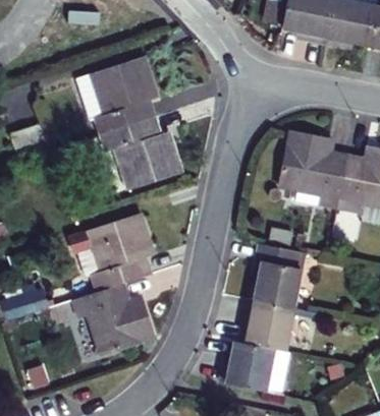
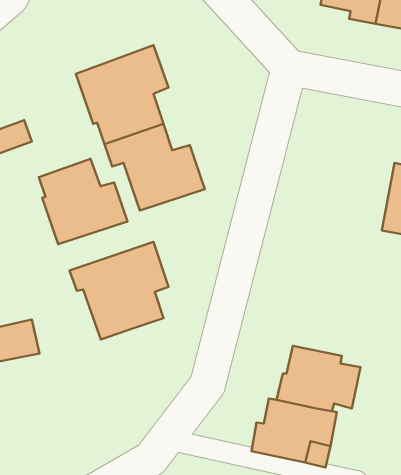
building: [271,131,338,209] -> none
building: none -> [39,159,128,244]
building: [256,243,308,310] -> none
building: [74,288,158,360] -> none

